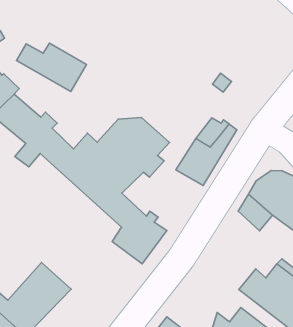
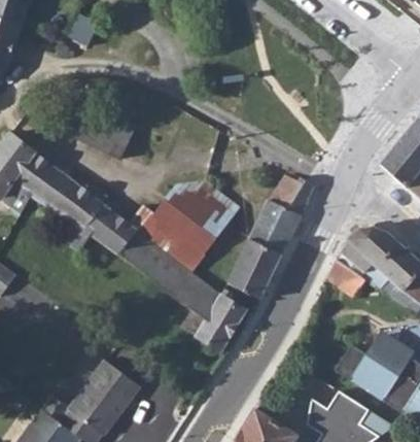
building: none -> [227,238,282,299]

